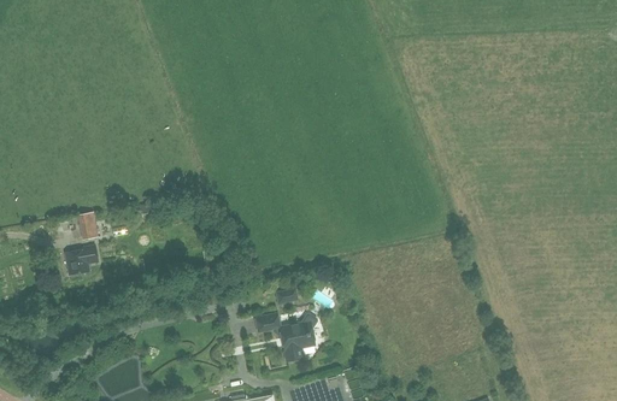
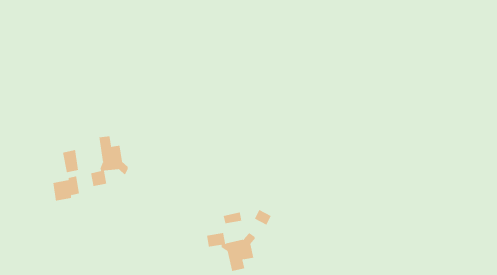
building: none -> [90,135,128,187]

